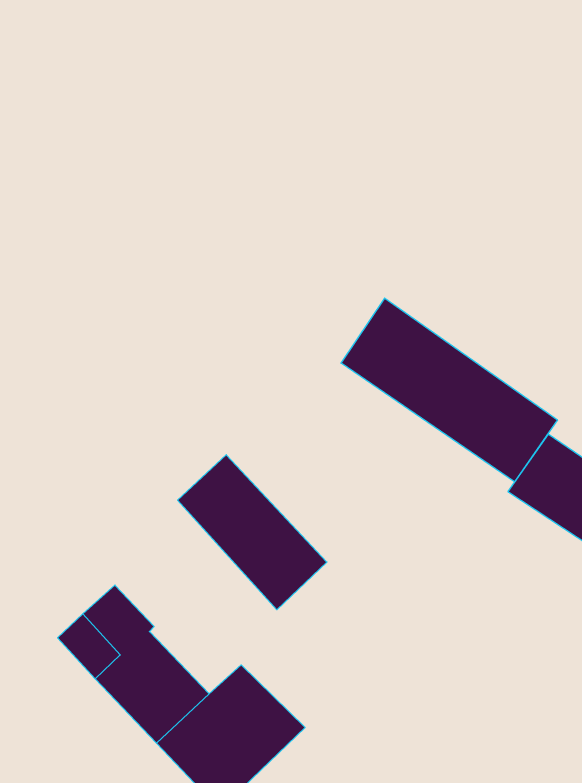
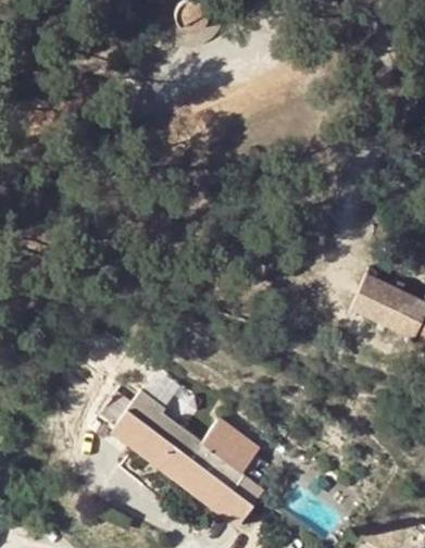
building: [341,298,557,482] -> none
building: [178,455,327,610] -> none

